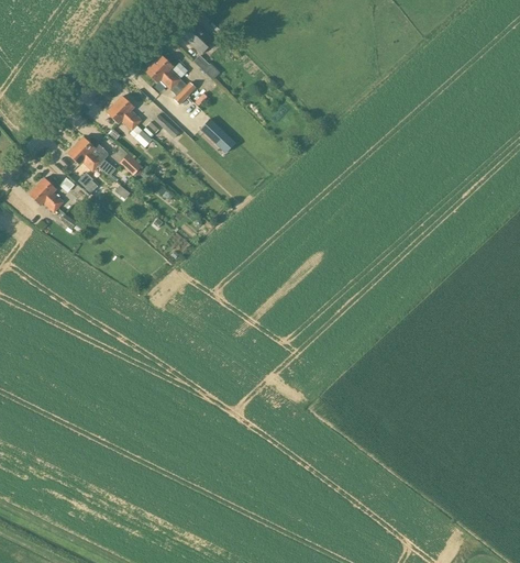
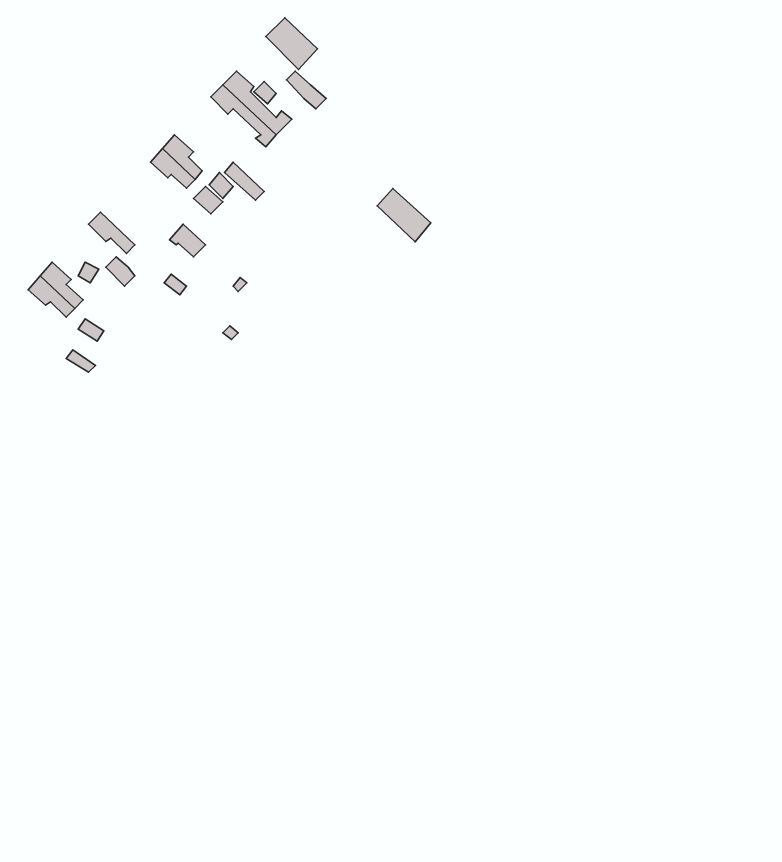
building: [200,119,234,153] -> [377,189,431,242]
building: [75,136,108,166] -> none

